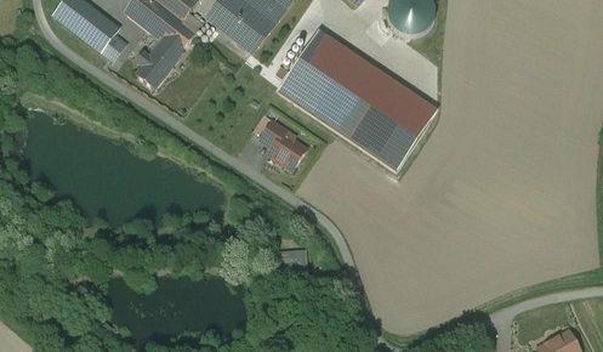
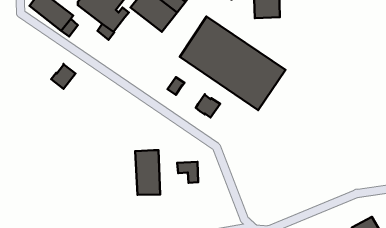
building: [135,50,171,87] -> [51,64,76,89]
building: [268,132,305,168] -> [196,94,220,118]
building: none -> [135,150,160,195]

